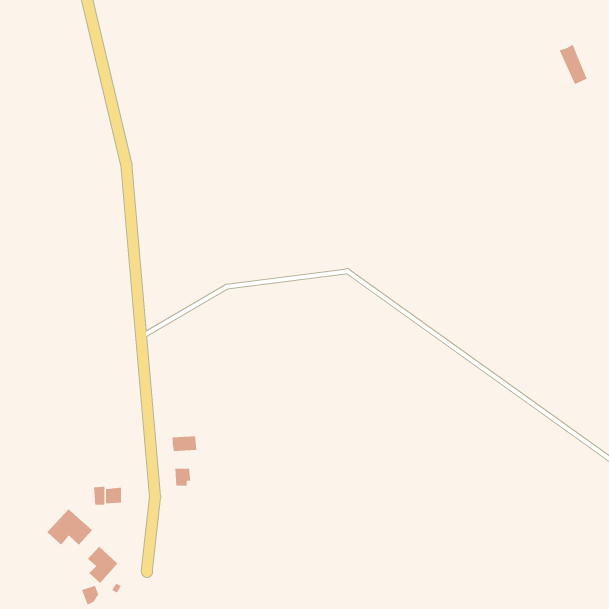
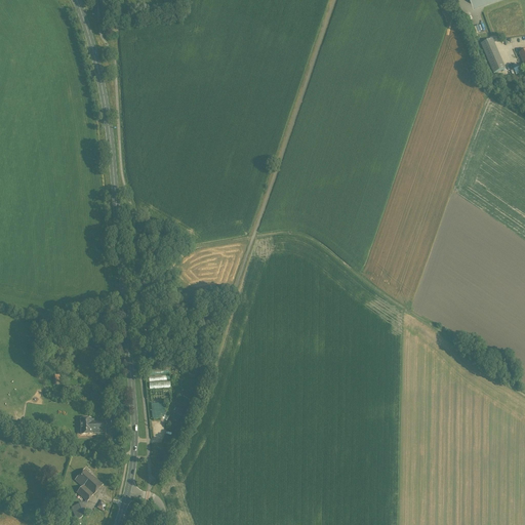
building: [47,509,93,546] -> none

